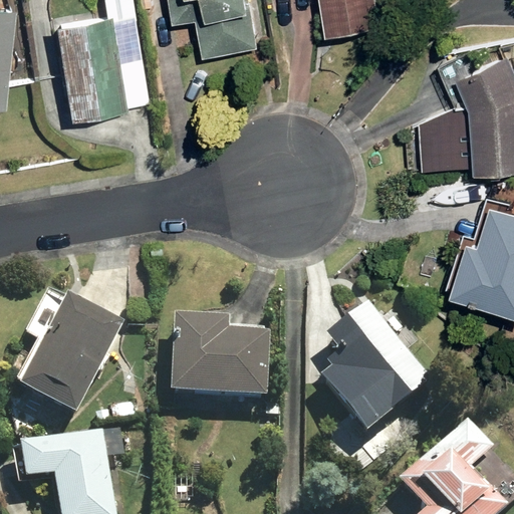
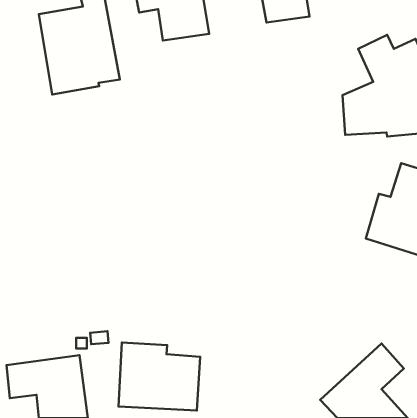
building: [15,299,121,424] -> none
building: [316,304,433,439] -> none
building: [167,321,266,404] -> [118,343,200,411]

